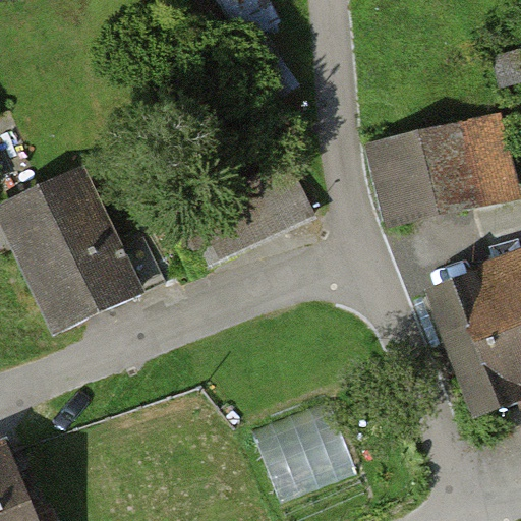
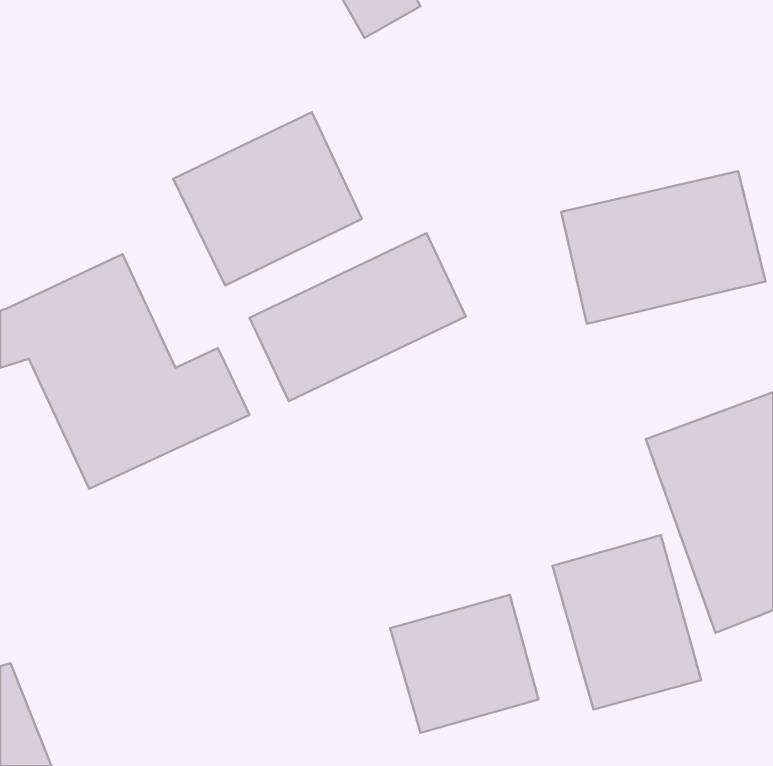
building: none -> [173,112,362,286]
building: none -> [553,535,701,709]

